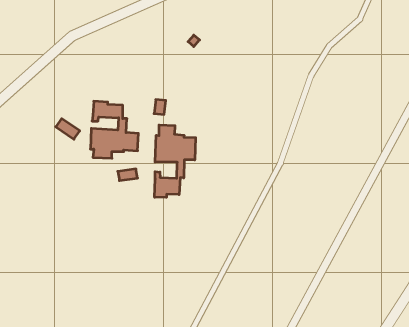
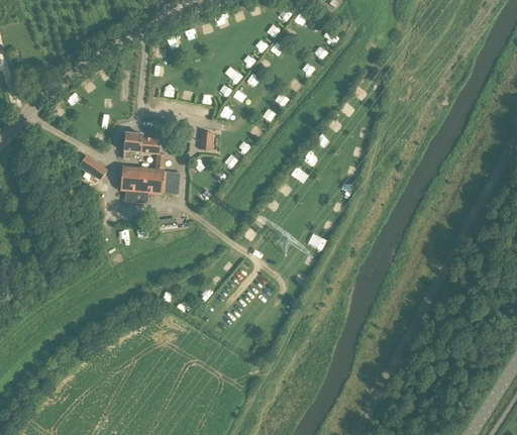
building: [155,125,196,197] -> none

